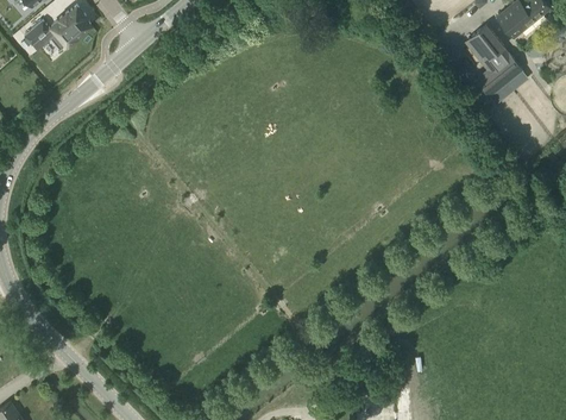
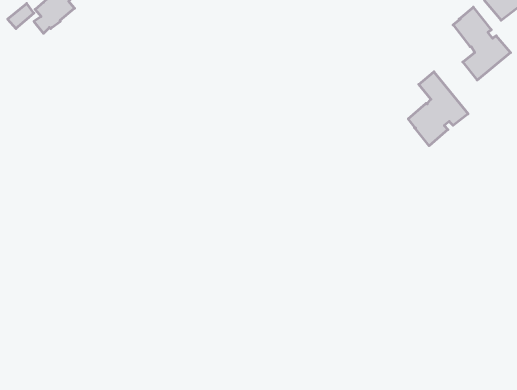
building: none -> [408,72,468,146]

